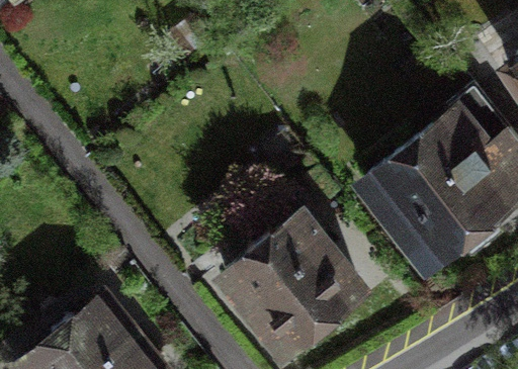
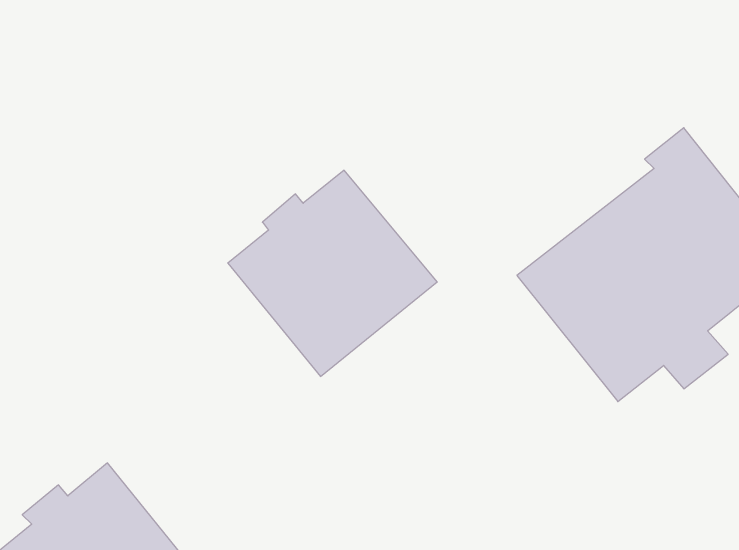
building: [224,217,358,350] -> [228,170,437,376]

